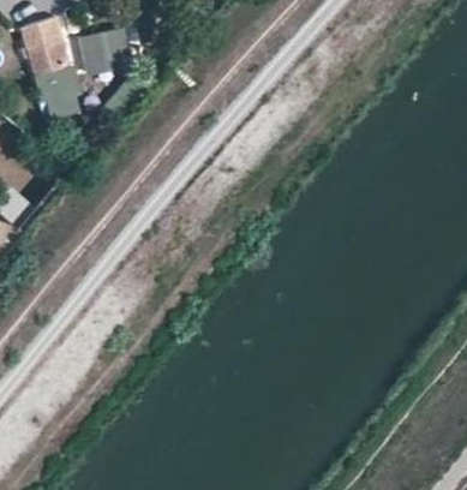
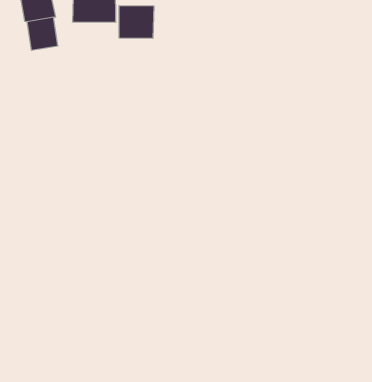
building: none -> [119,6,154,38]

